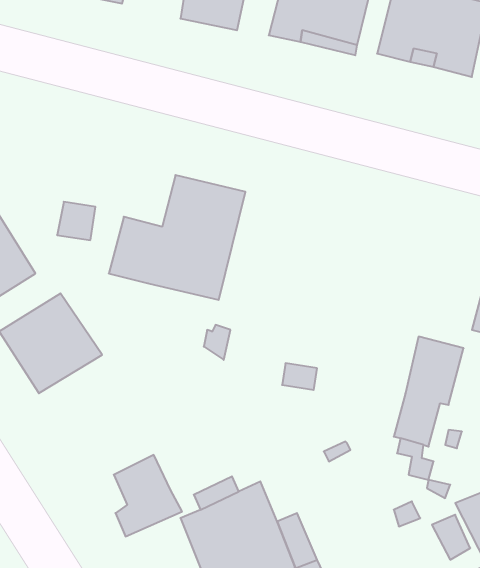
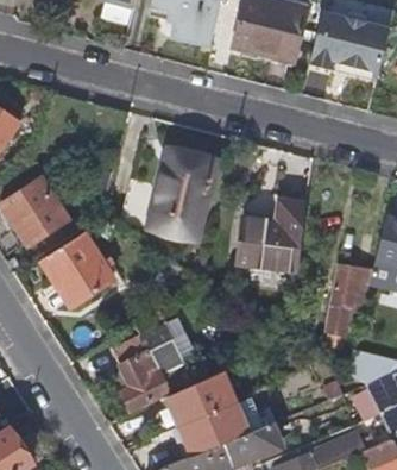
building: none -> [237,199,305,270]
building: none -> [108,320,196,374]

